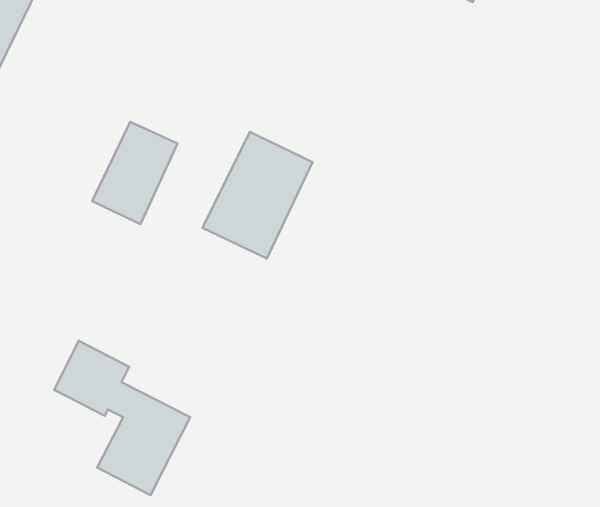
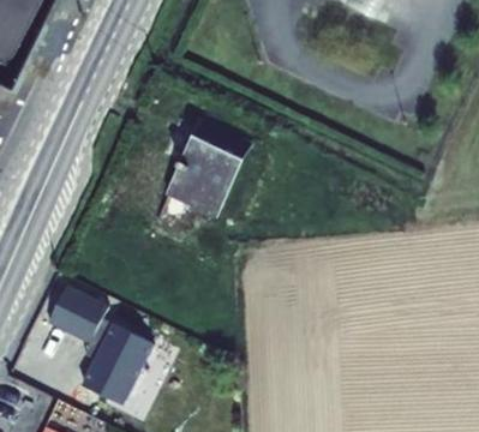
building: [92,122,178,224] -> none

